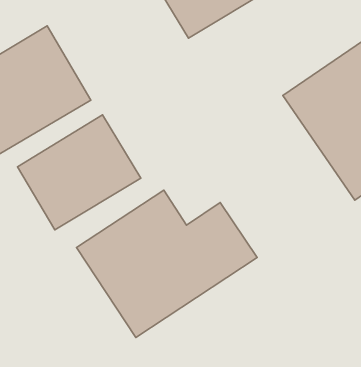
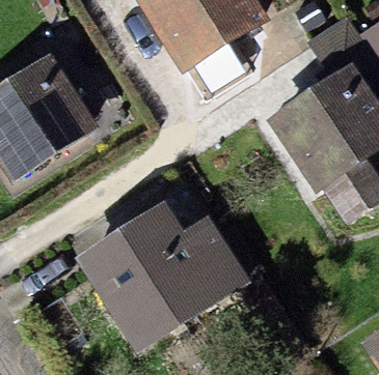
building: [17,115,141,230] -> none

